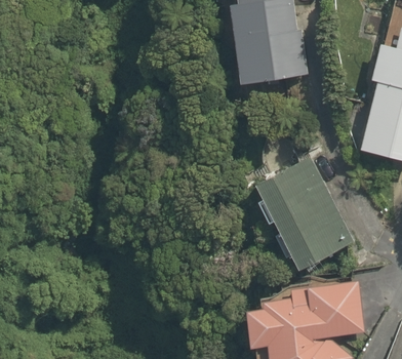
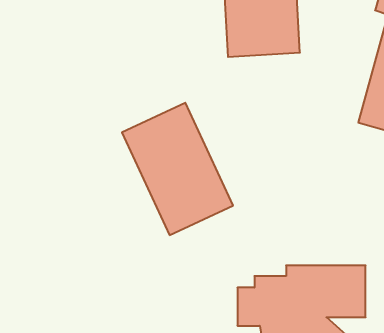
building: [247,148,355,276] -> [122,103,233,235]

